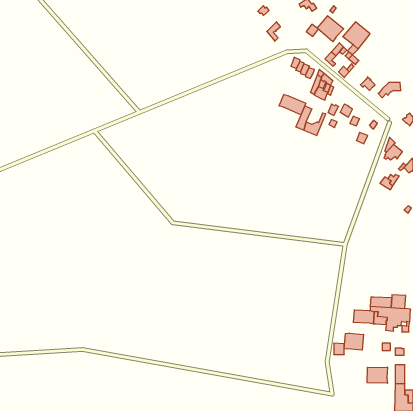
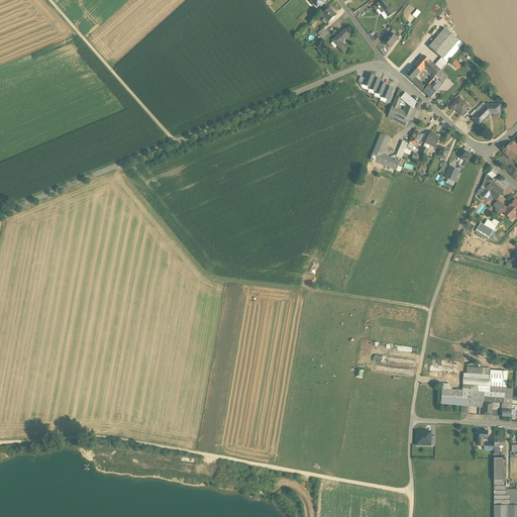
building: [317,16,344,42] -> none
building: [279,94,306,115] -> none
building: [344,333,363,350] -> none
building: [367,367,387,383] -> none

